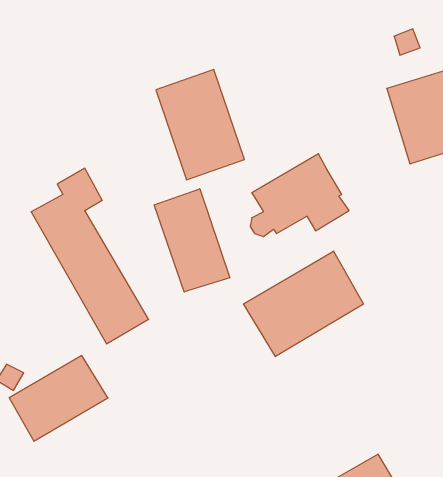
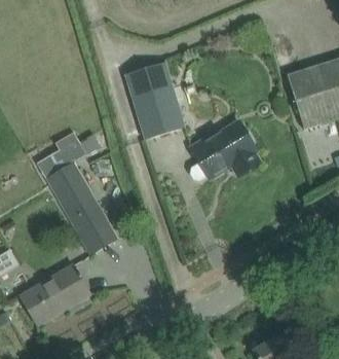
building: [154,189,230,292] -> none
building: [244,251,363,357] -> none

